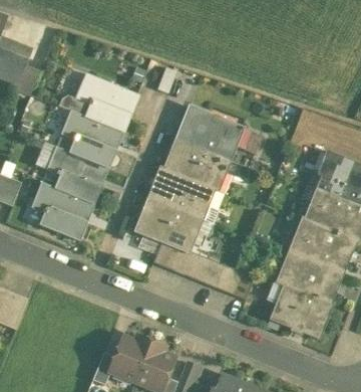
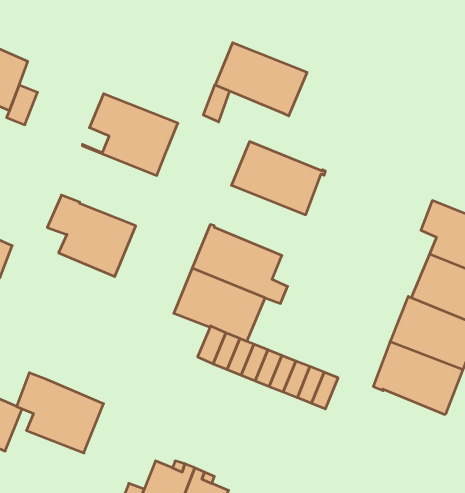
building: [60,111,123,168] -> none
building: [164,139,230,191] -> [216,43,307,116]
building: [31,182,93,239] -> [17,373,104,453]
building: [272,284,332,337] -> none

